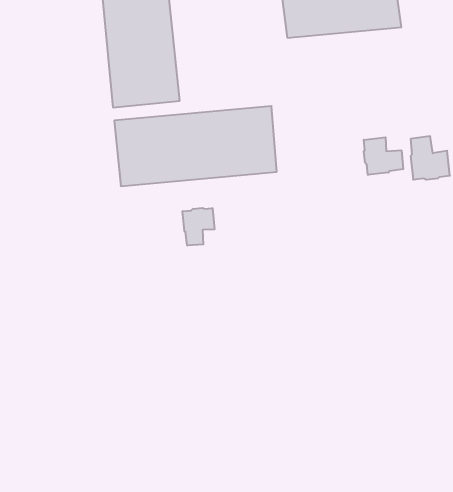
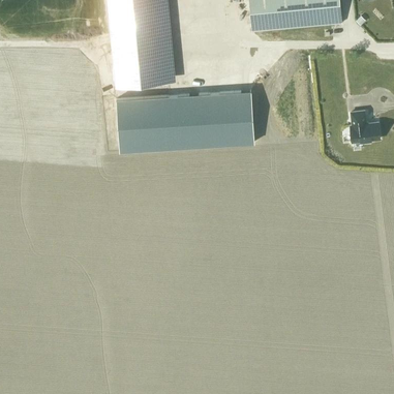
building: [364,137,403,175] -> none
building: [183,208,214,246] -> none

